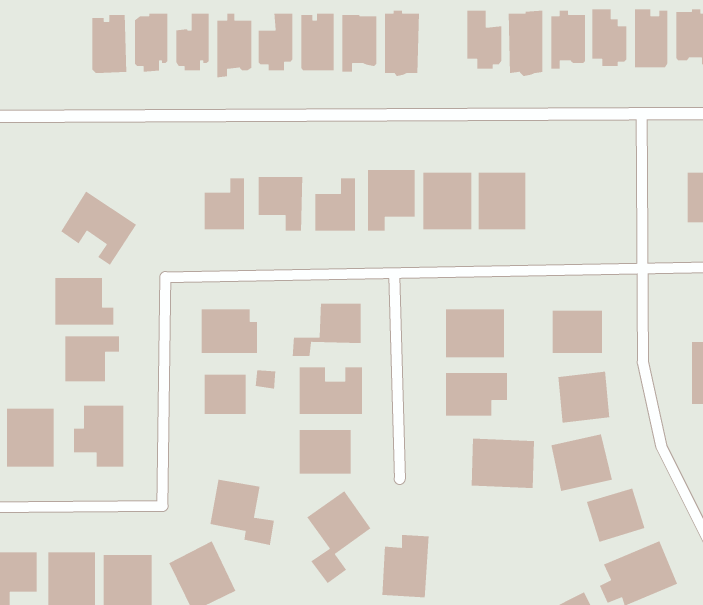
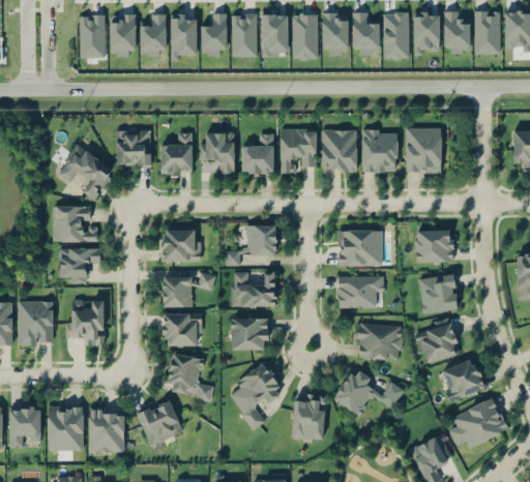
building: none -> [323,13,348,56]
building: none -> [406,128,441,173]
building: none -> [116,129,150,168]
building: none -> [161,313,201,347]
building: none -> [333,368,404,416]

